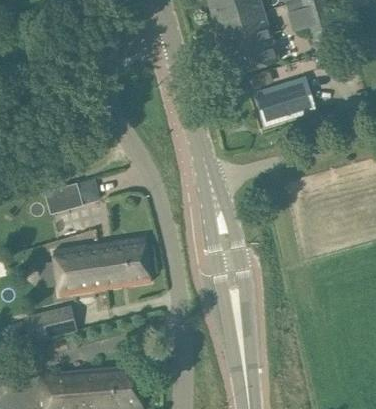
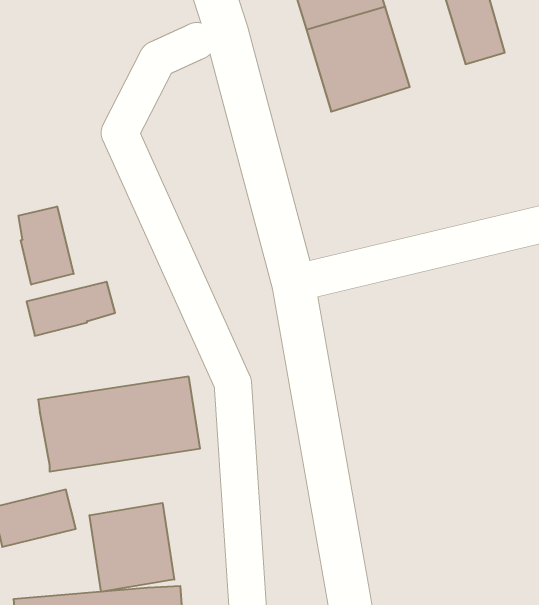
building: [256,84,313,125] -> none
building: none -> [18,206,74,285]
building: none -> [90,503,174,592]

